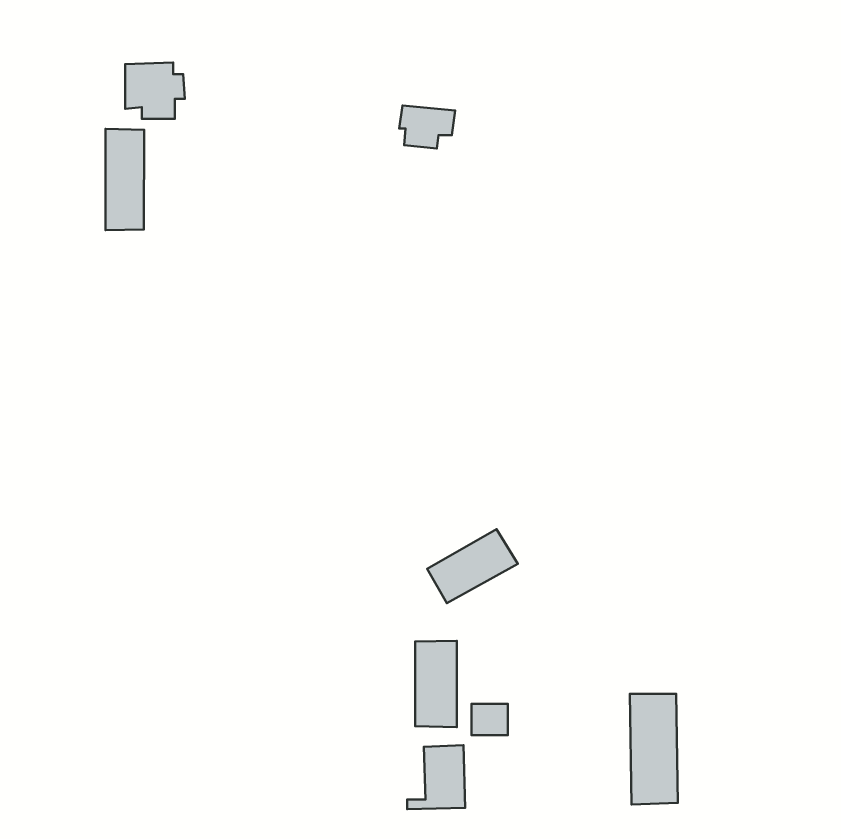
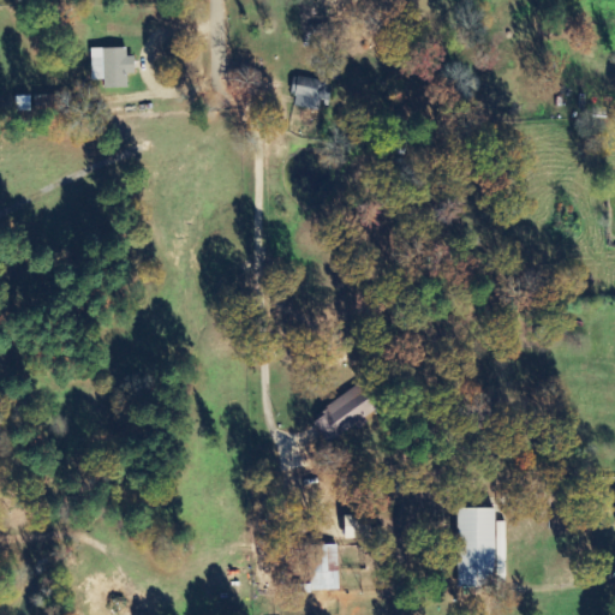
building: [105,129,144,230] -> none
building: [415,641,457,727] -> none

